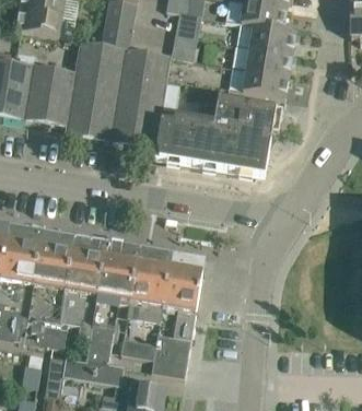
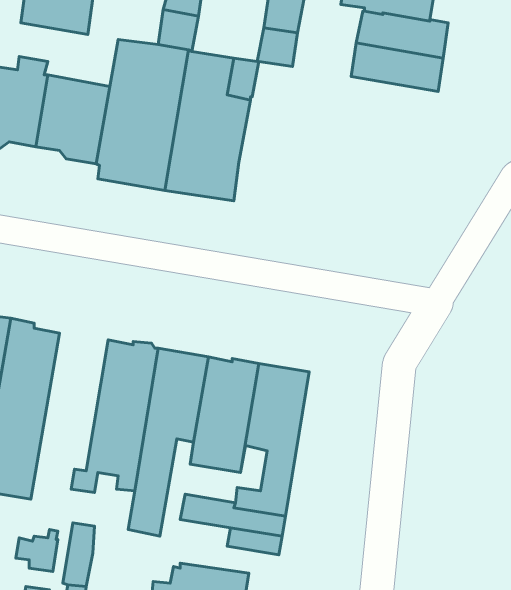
building: [229,64,289,97] -> none
building: [155,99,282,174] -> none
building: [23,231,73,347] -> none
building: [63,356,124,385] -> none

